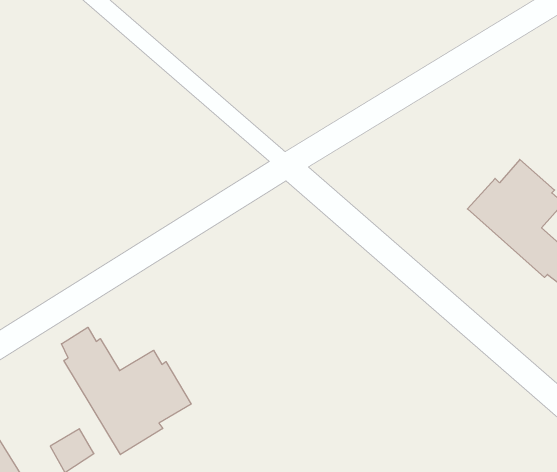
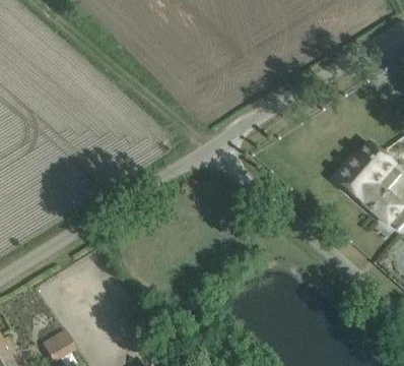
building: [61,327,191,455] -> none

